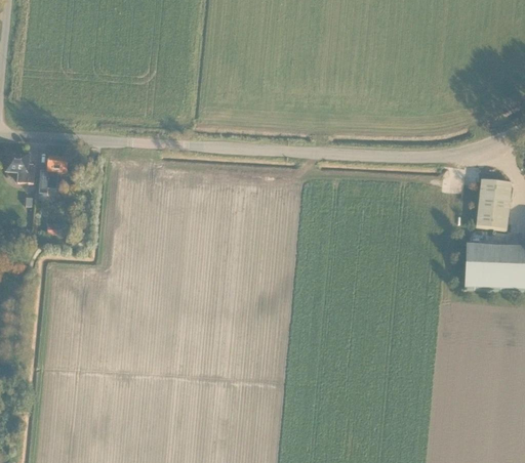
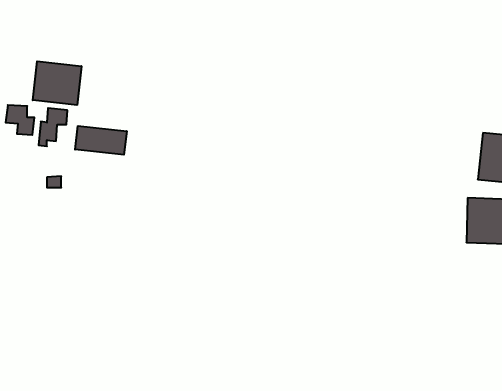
building: none -> [33,61,81,105]
building: none -> [75,126,127,155]

